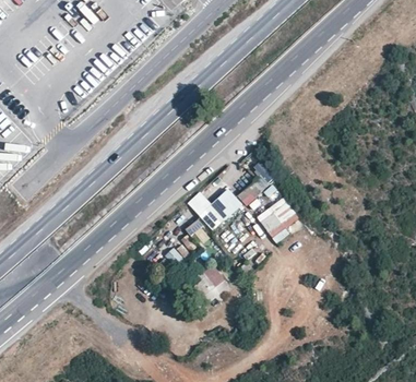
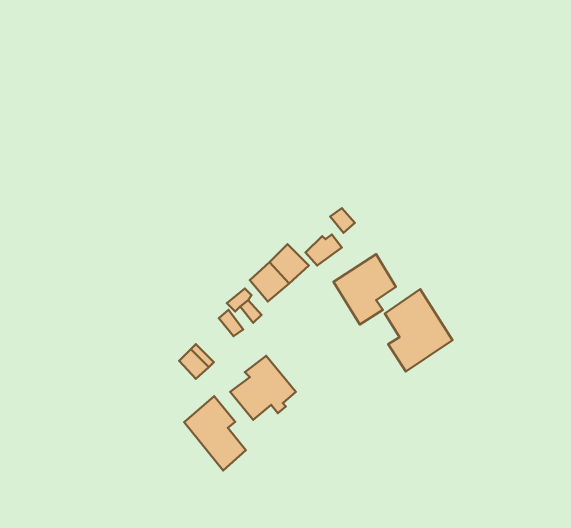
building: none -> [385,289,452,372]
building: none -> [184,396,246,471]

